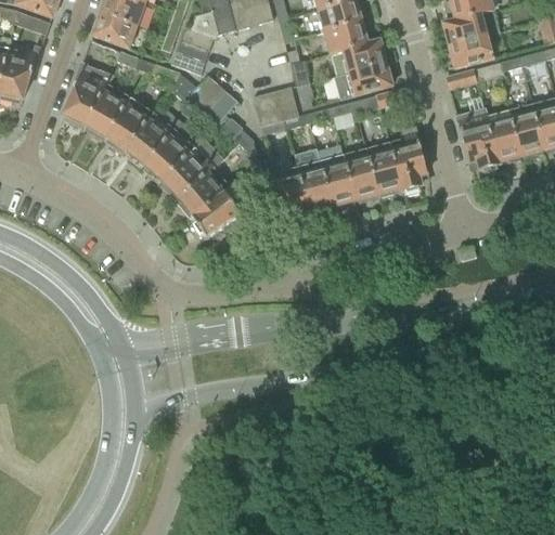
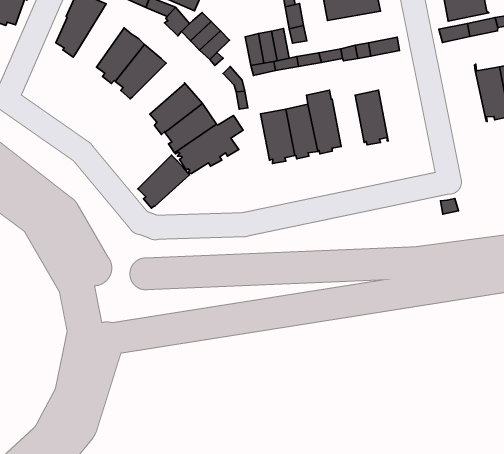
building: [334,63,391,100] -> none
building: [85,83,131,140] -> none
building: [456,110,499,173] -> none
building: [144,129,195,183] -> [138,155,190,208]
building: [389,129,427,194] -> none
building: [344,148,378,204] -> none

